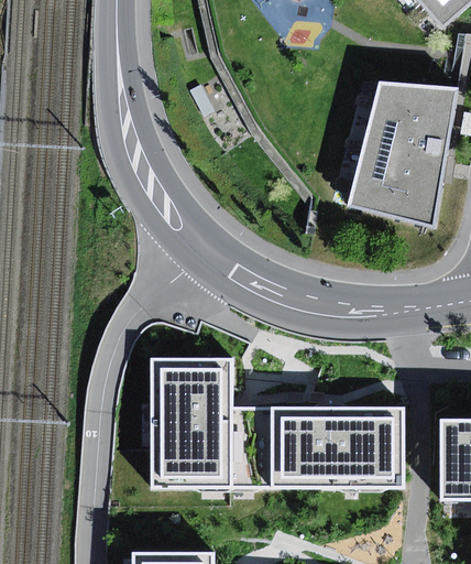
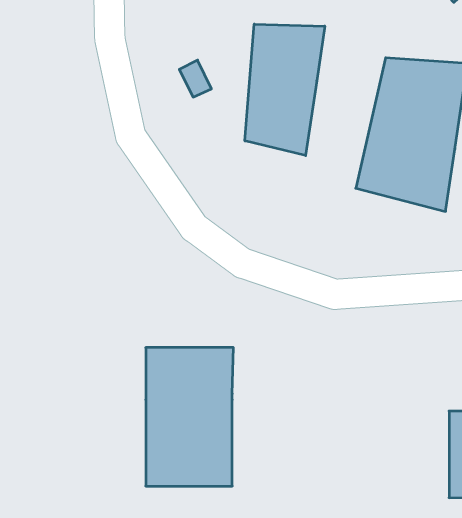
building: none -> [245,24,325,156]
building: [232,406,404,489] -> none

